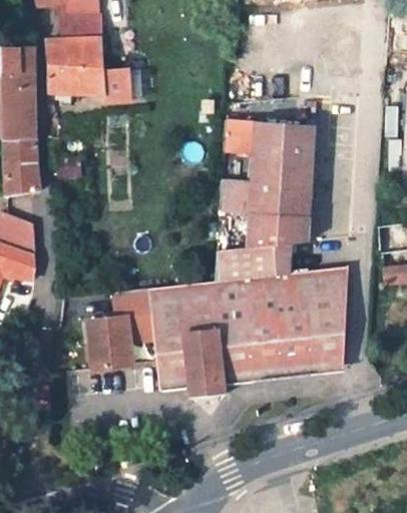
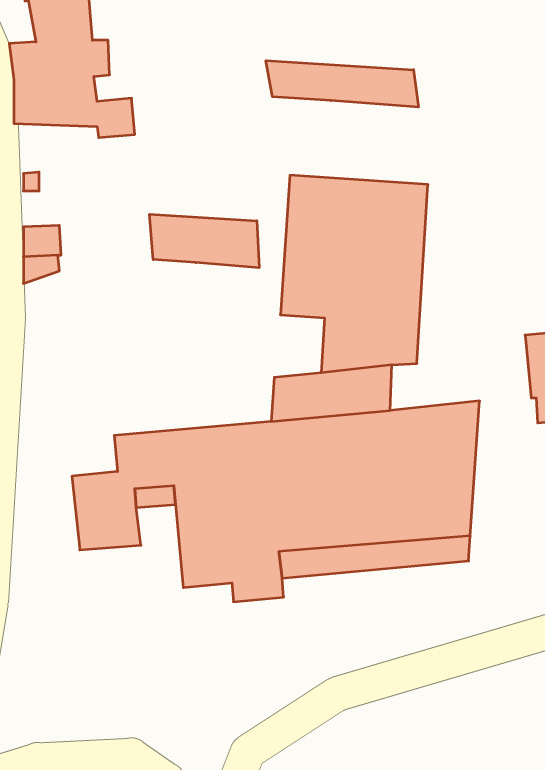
building: none -> [266,61,418,107]
building: none -> [150,214,259,268]

